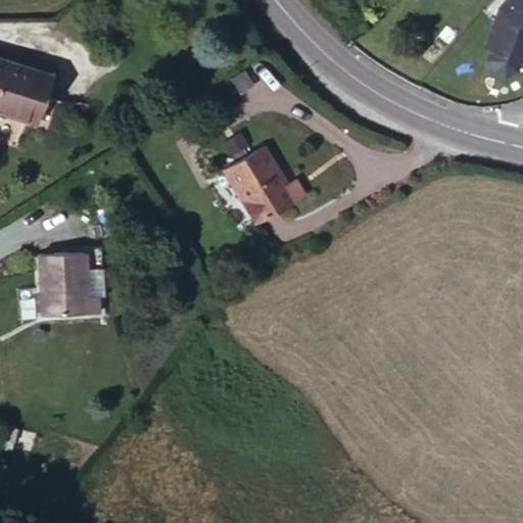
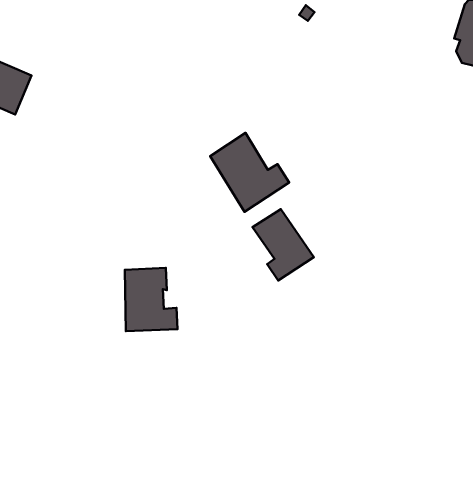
building: none -> [252,209,314,280]
building: [41,253,96,320] -> [125,268,177,331]

